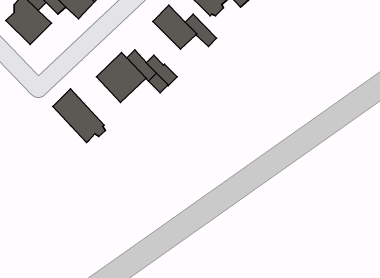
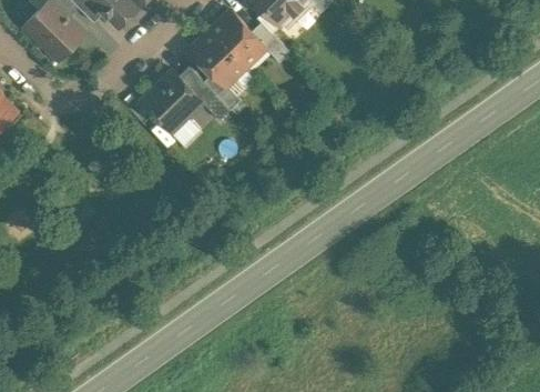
building: none -> [192,31,246,86]
building: [53,89,105,143] -> none

